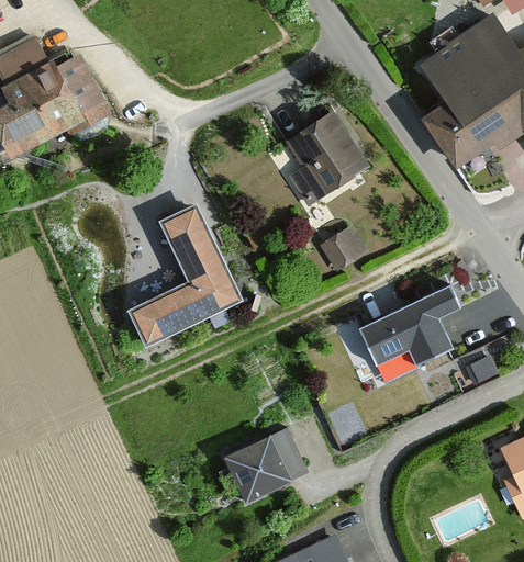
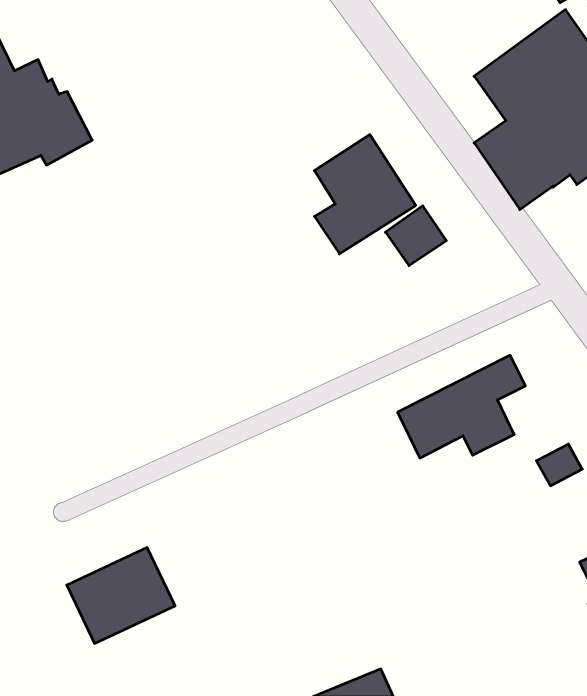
building: [125,204,241,348] -> none
building: [325,225,374,272] -> [385,206,446,266]
building: [225,428,311,504] -> [67,548,175,643]

